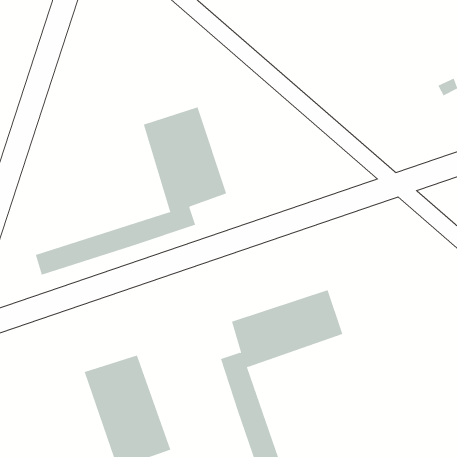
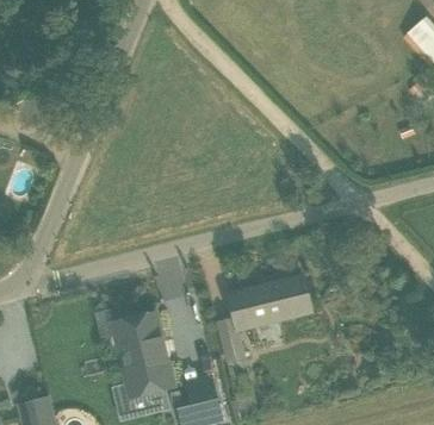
building: [35,106,227,276] -> none

